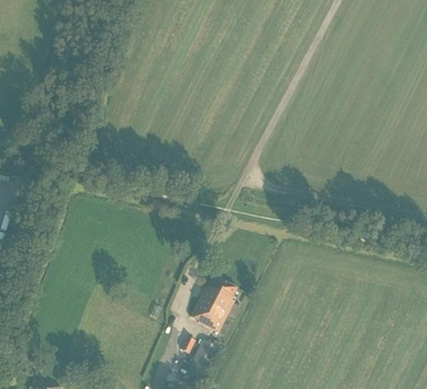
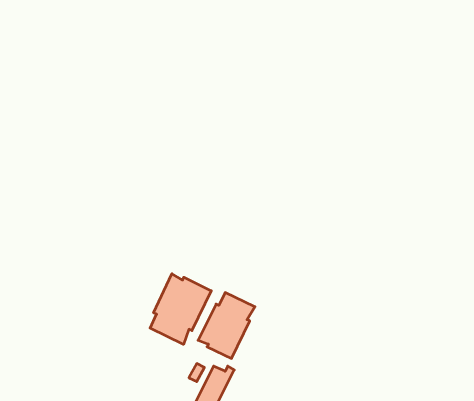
building: none -> [150,274,211,344]

